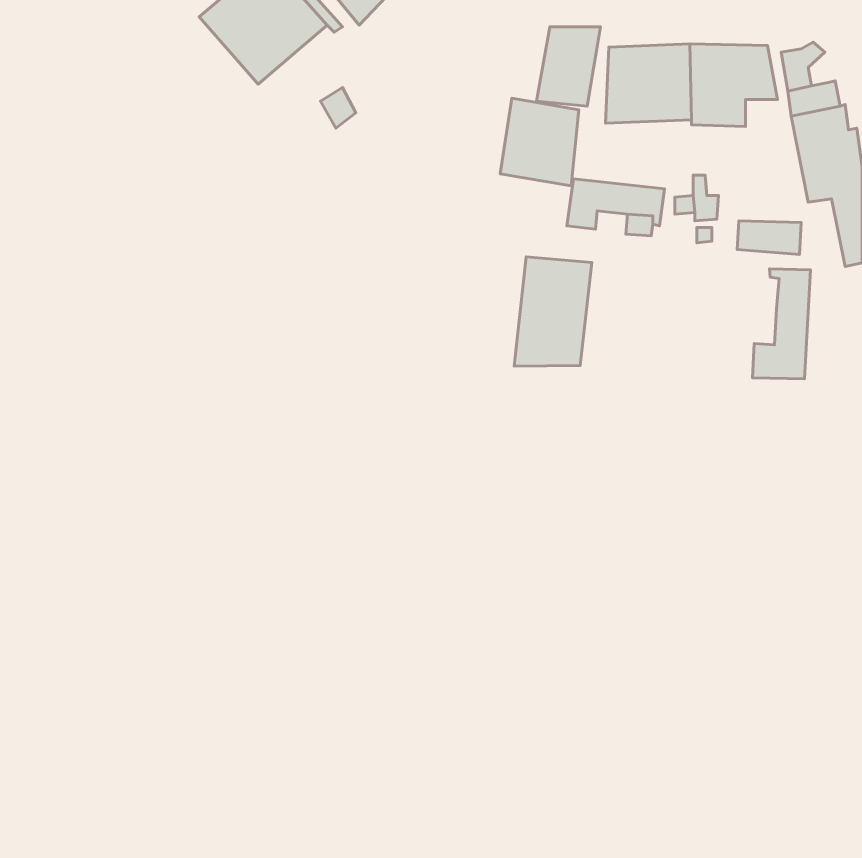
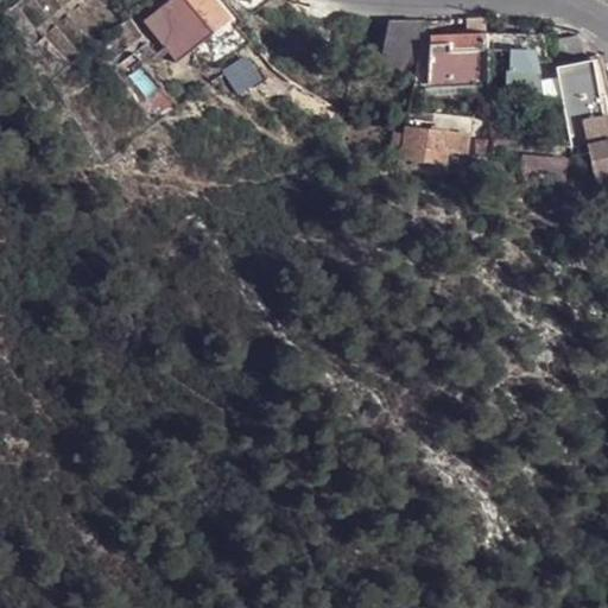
building: [500,98,579,186] -> none
building: [514,257,592,366] -> none
building: [753,269,810,379] -> none

